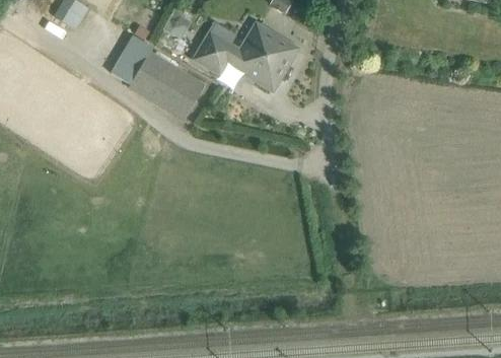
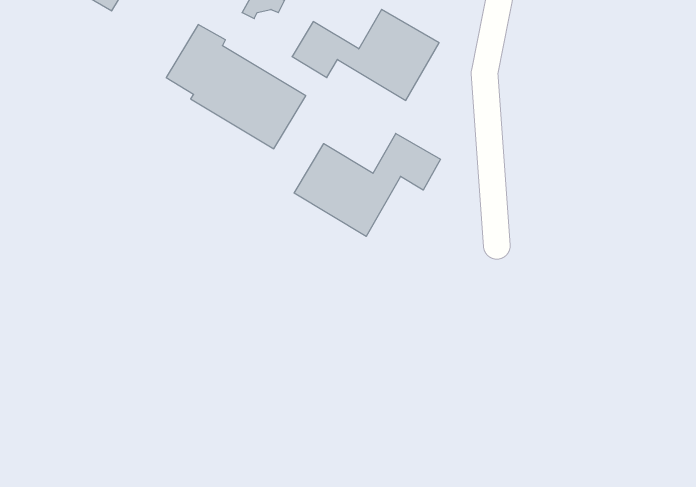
building: none -> [294,133,440,236]

